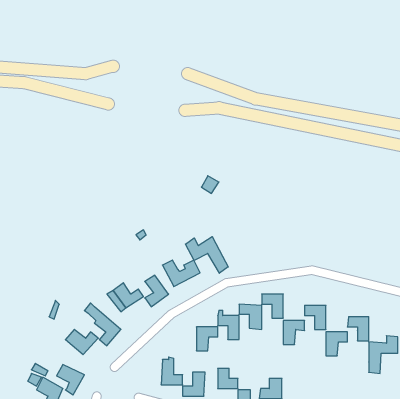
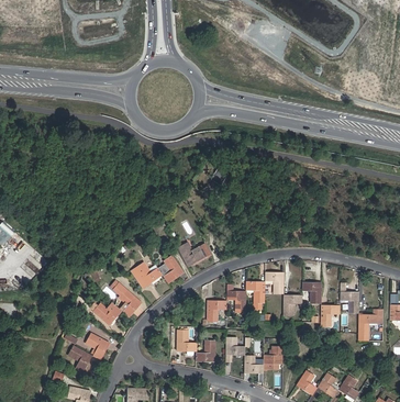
building: [185,237,228,273] -> none

